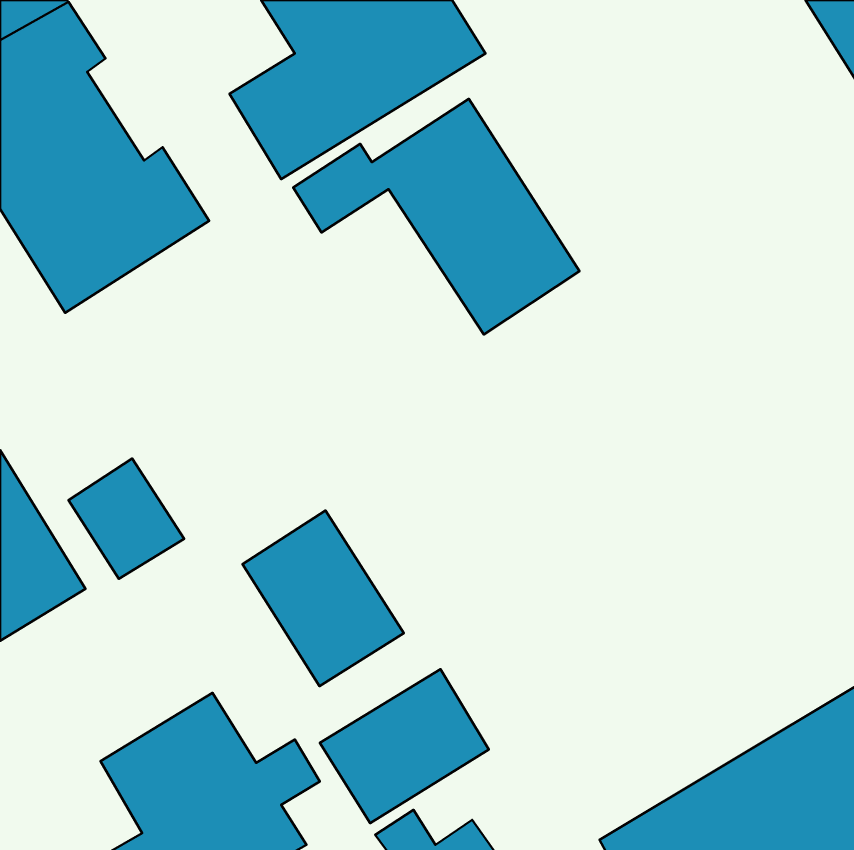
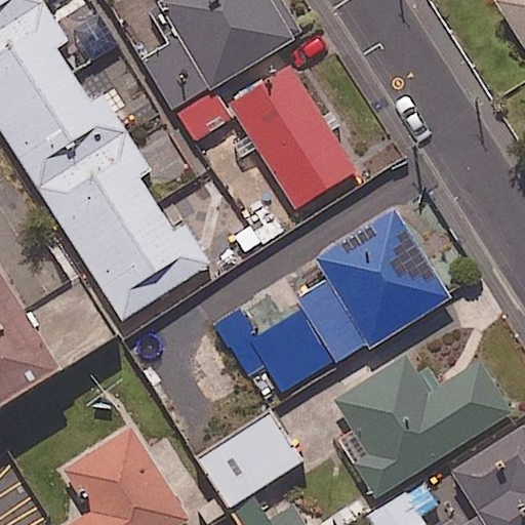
building: none -> [41,138,209,320]
building: none -> [297,209,448,365]
building: [242,511,404,686] -> none
building: none -> [334,357,512,496]

